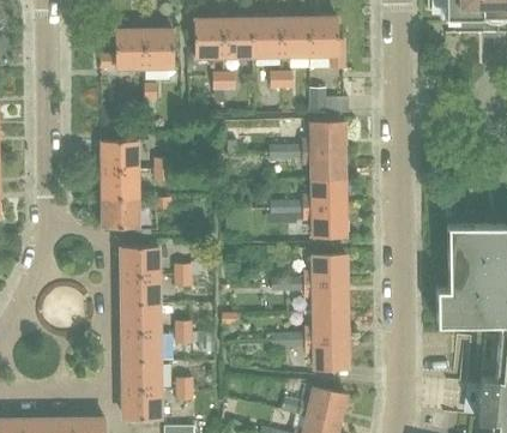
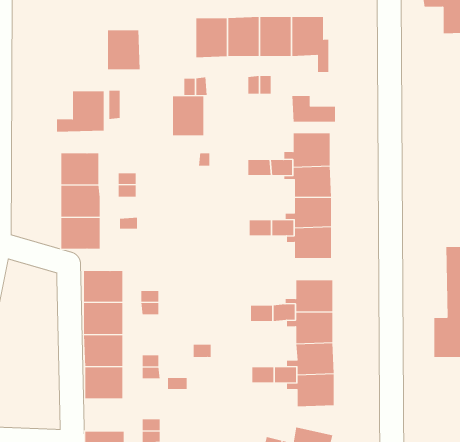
building: [194,19,223,55] -> [172,96,204,136]
building: [101,30,144,67] -> [56,91,104,132]
building: [123,361,159,390] -> none

